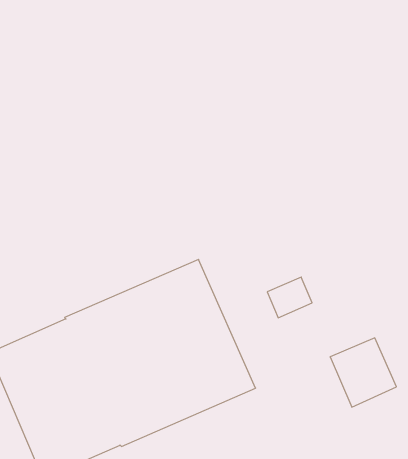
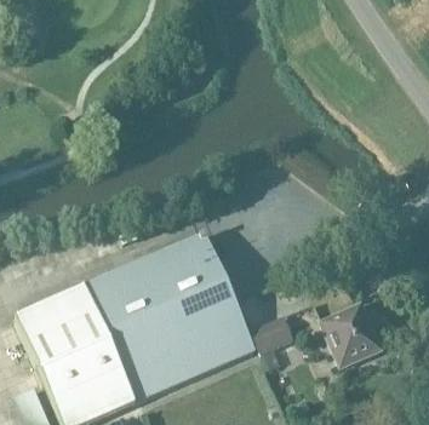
building: [267,277,312,318] -> [253,314,293,350]

